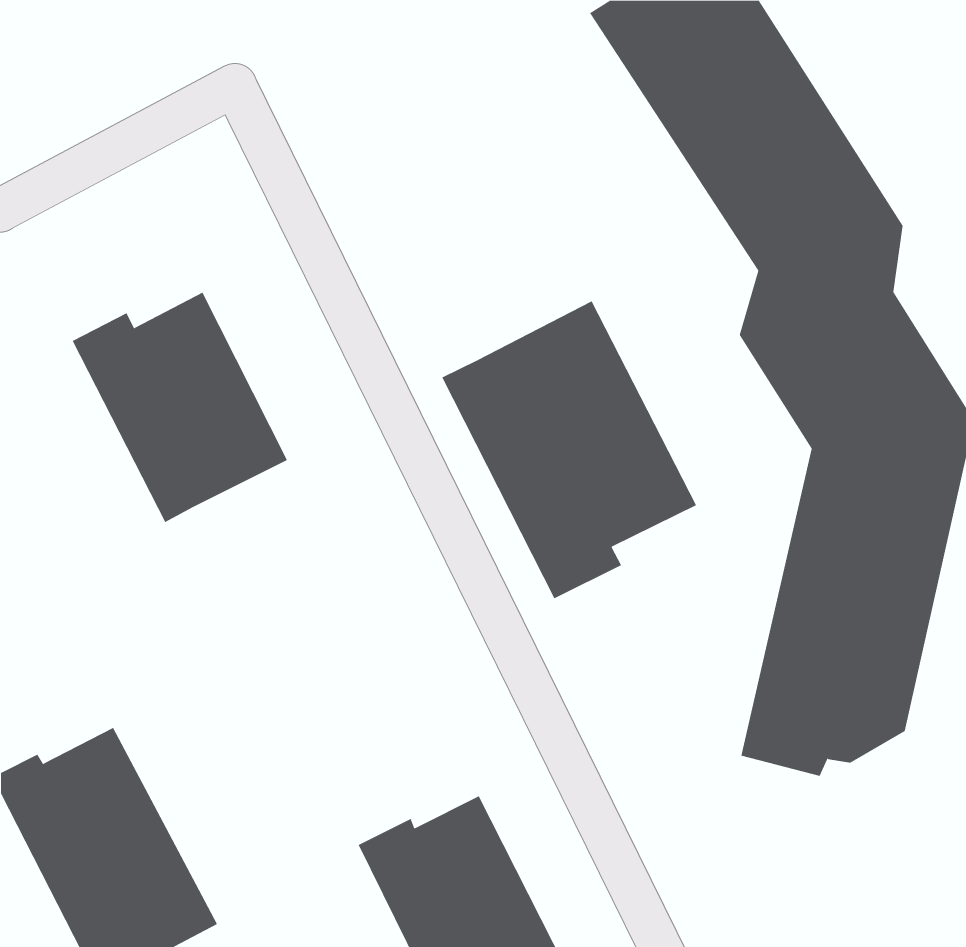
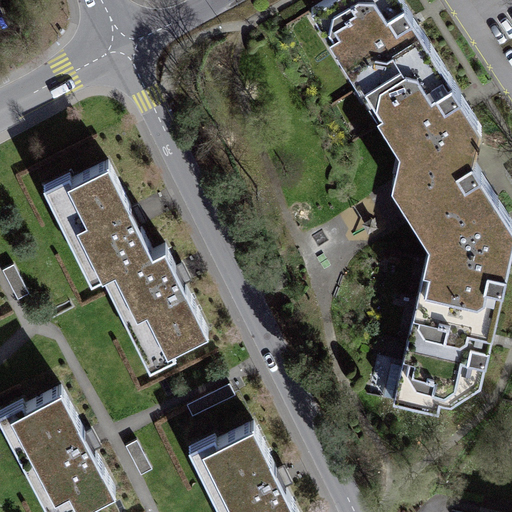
building: [441,300,697,599] -> none
building: none -> [103,247,214,379]

